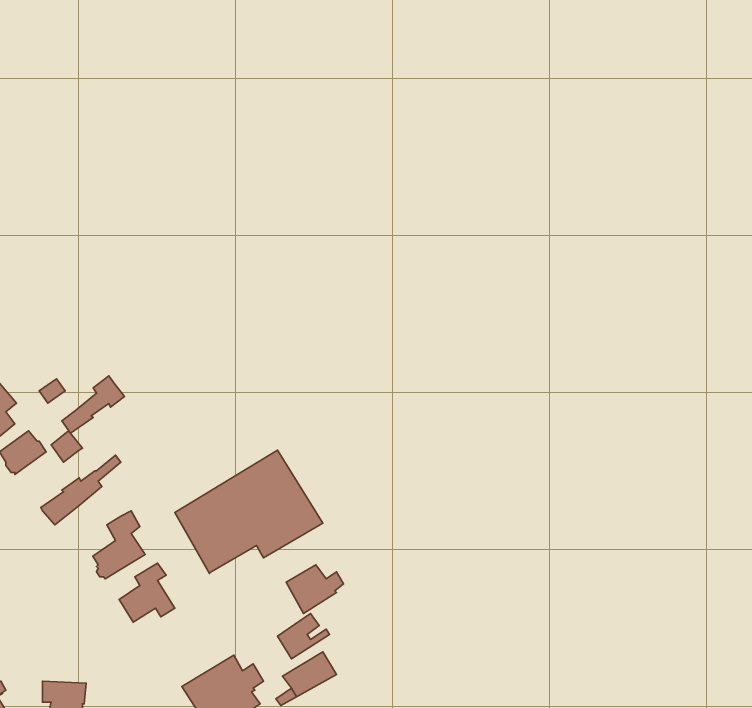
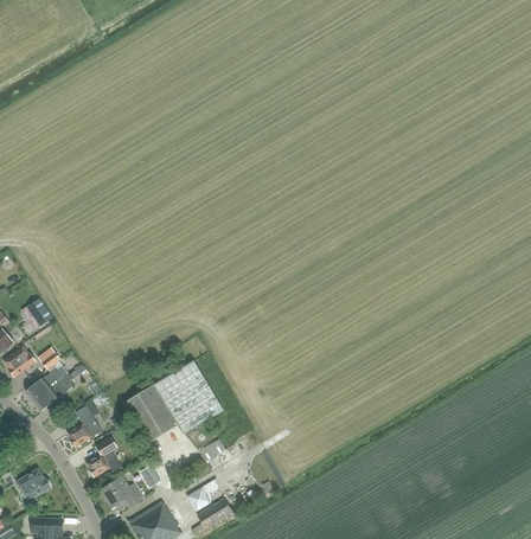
building: [62,376,124,433] -> [25,360,68,399]
building: none -> [15,468,50,501]
building: none -> [101,476,142,507]

